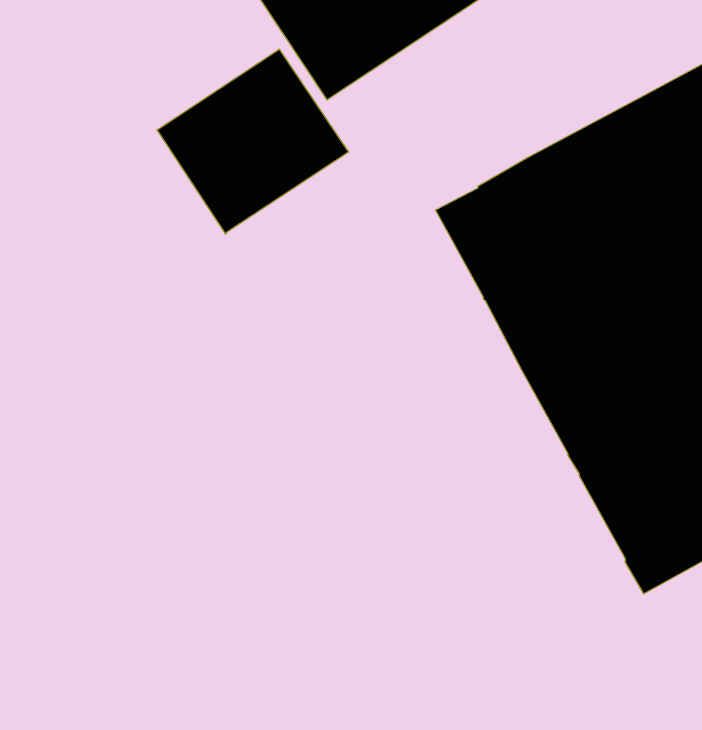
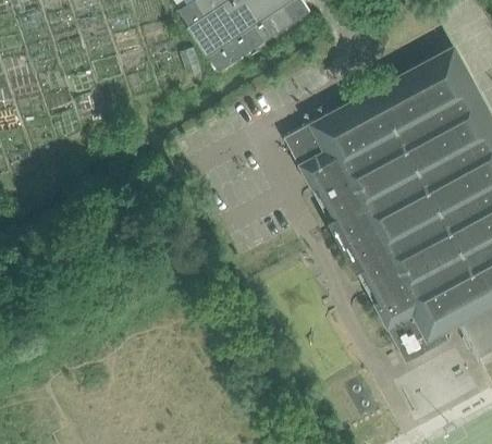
building: [157,49,349,234] -> none

